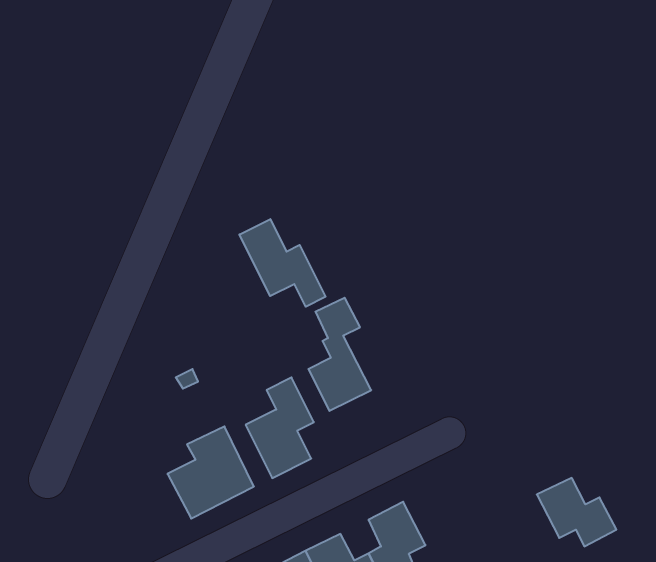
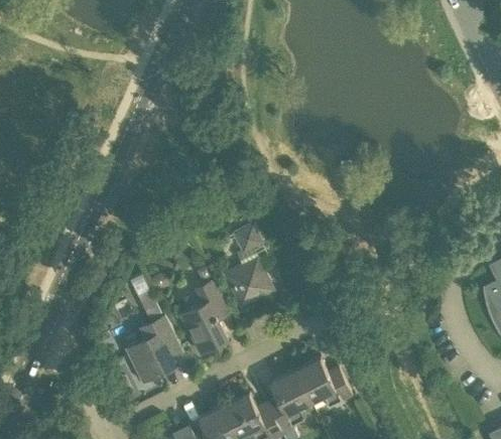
building: [239,219,326,307] -> none
building: [537,478,616,546] -> [295,357,353,407]

